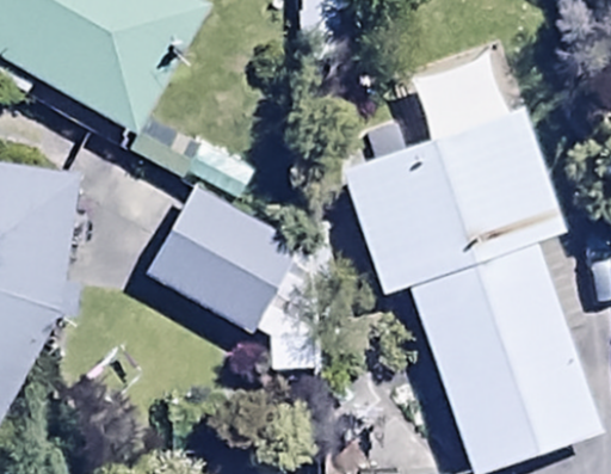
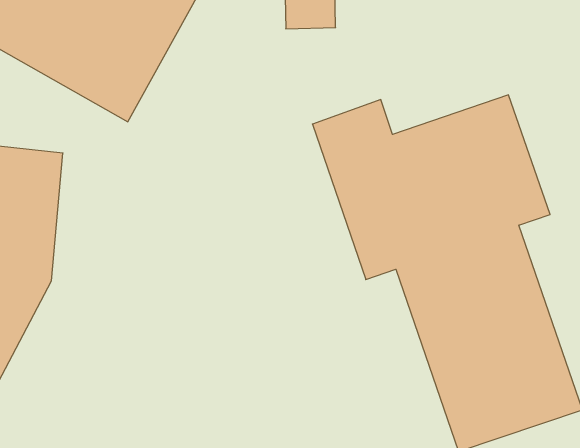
building: [143,180,327,370] -> none

